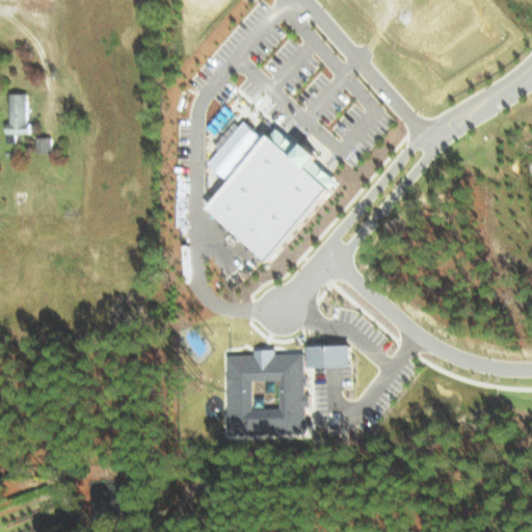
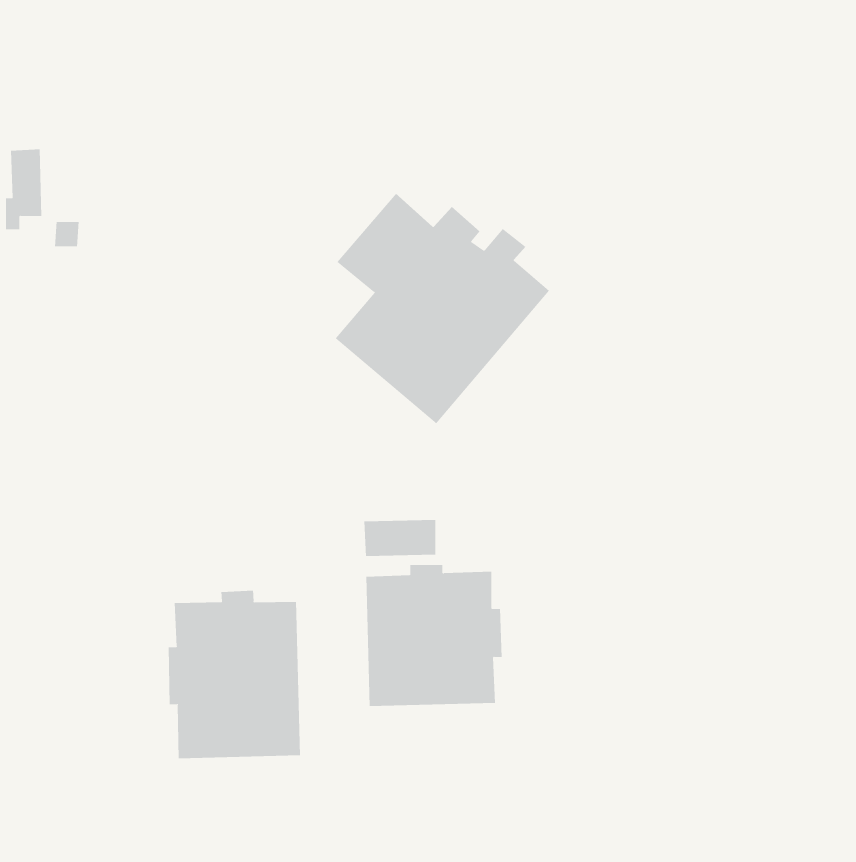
building: [305,344,350,367] -> [363,519,436,557]
building: none -> [168,590,300,759]

